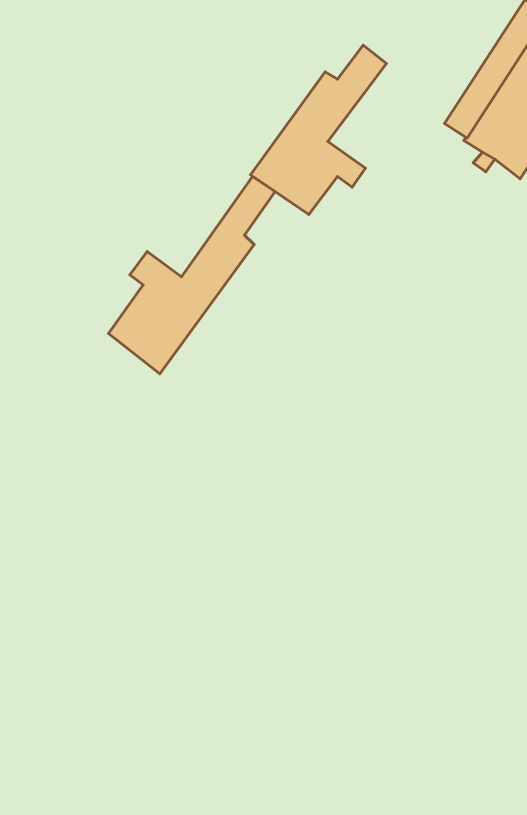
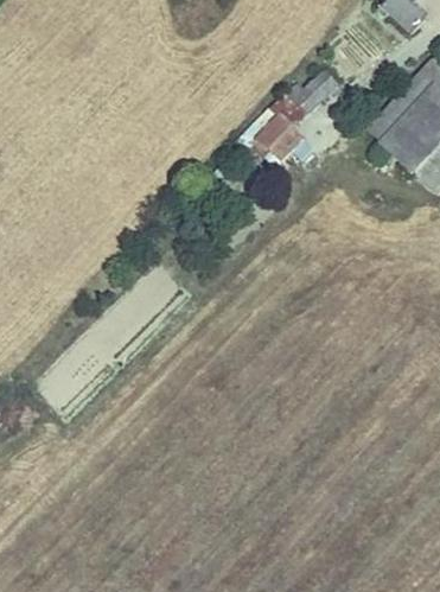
building: [109,177,275,374] -> none

